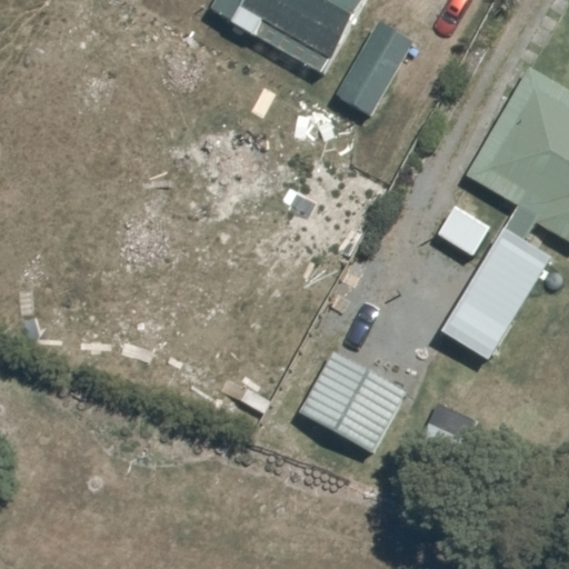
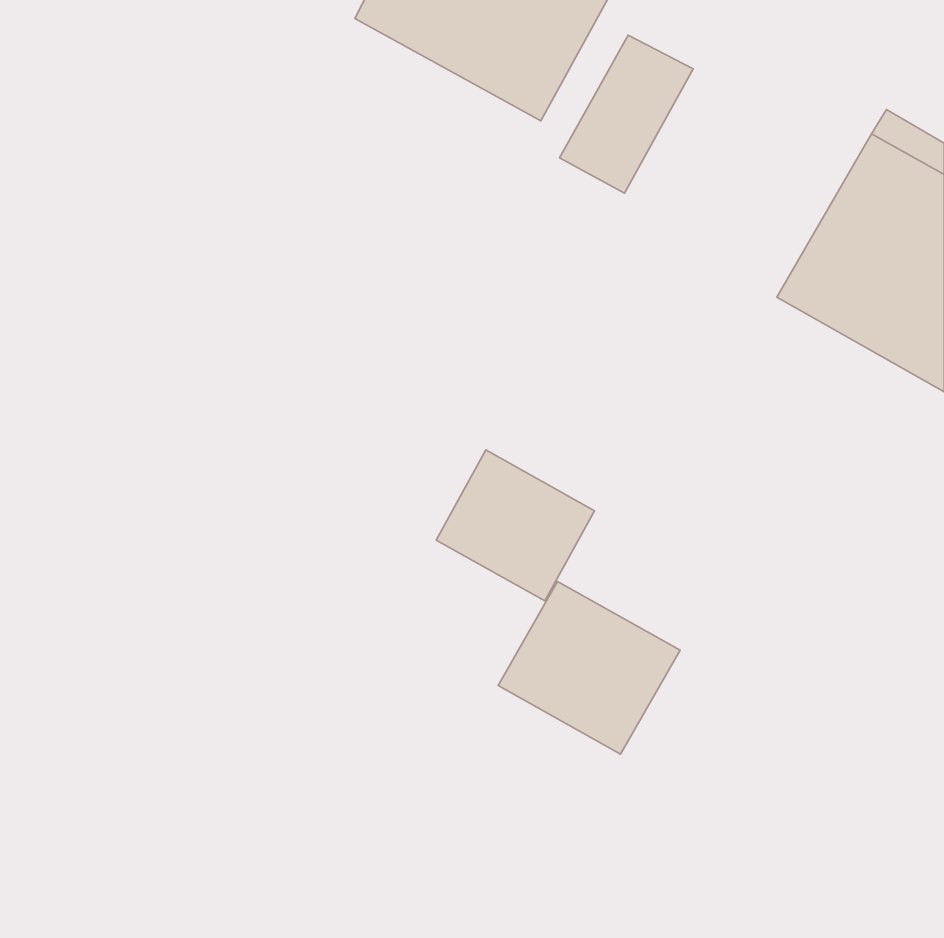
building: [445,227,552,358] -> none
building: none -> [436,450,594,601]

